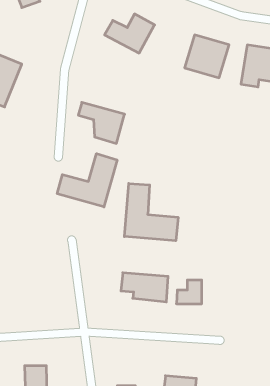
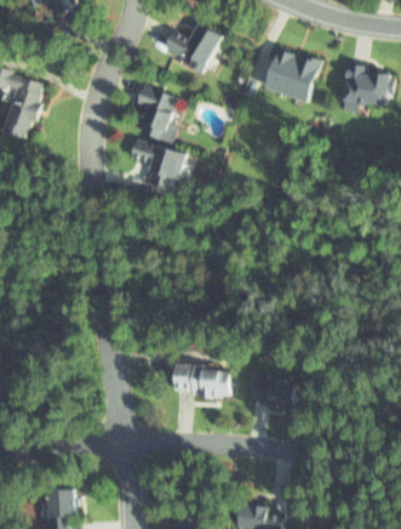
building: none -> [131,85,183,146]
building: [57,154,117,207] -> none
building: [124,183,178,241] -> none

